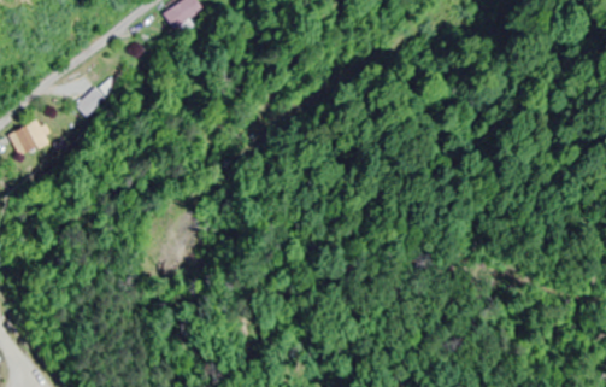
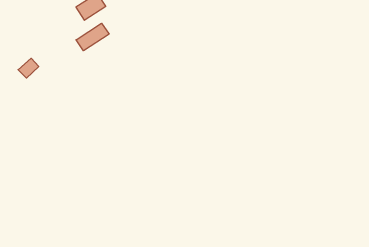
building: none -> [76,23,109,51]

